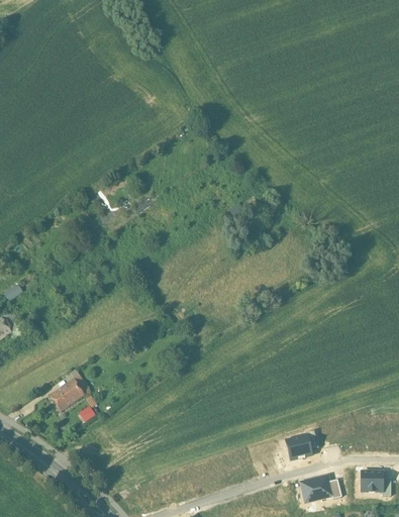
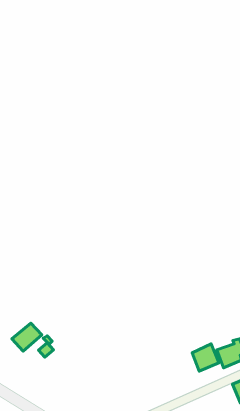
building: none -> [192,344,219,371]

